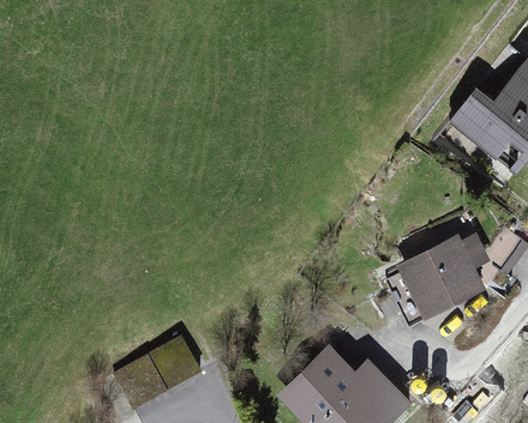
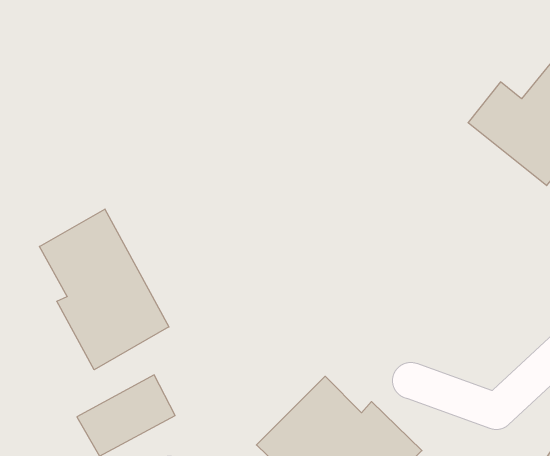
building: none -> [39,209,169,370]
building: [398,236,487,319] -> none

